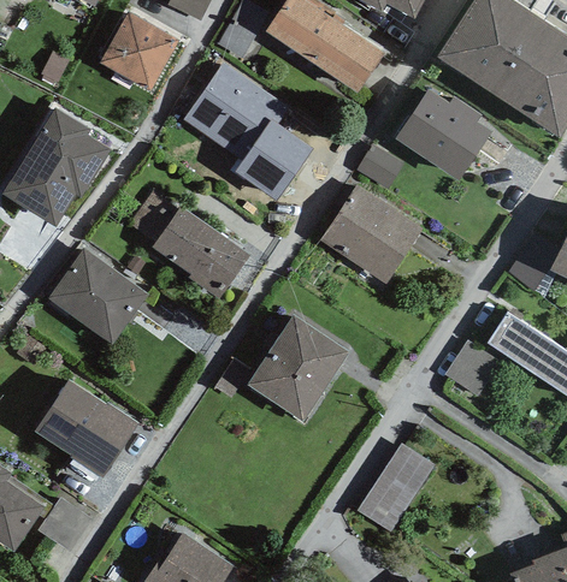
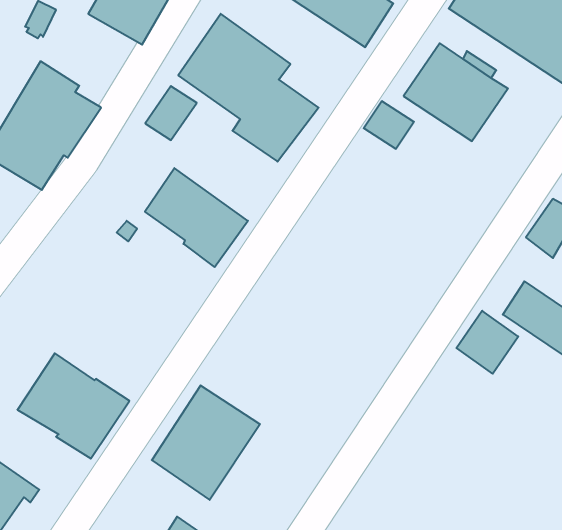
building: [320,185,421,283] -> none
building: [128,190,176,240] -> [145,86,197,140]
building: [48,248,148,344] -> none
building: [247,315,348,422] -> [152,385,260,500]
building: [366,449,442,536] -> none

